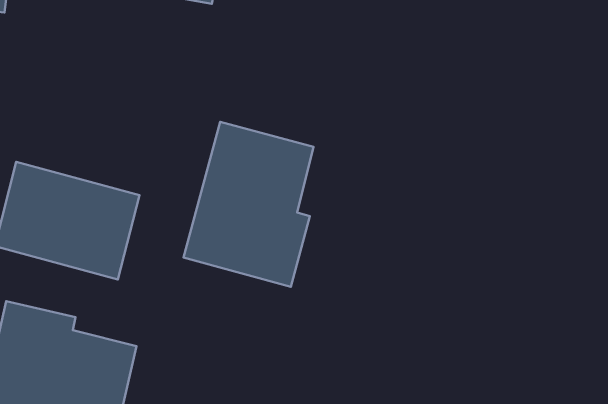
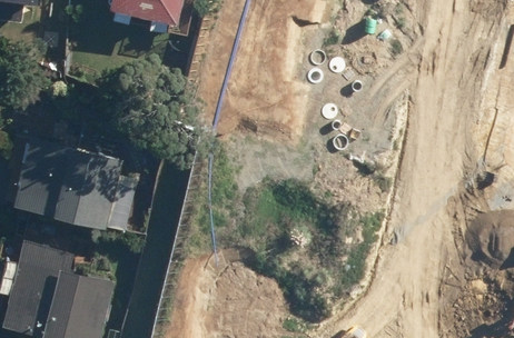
building: [183,122,313,287] -> none

